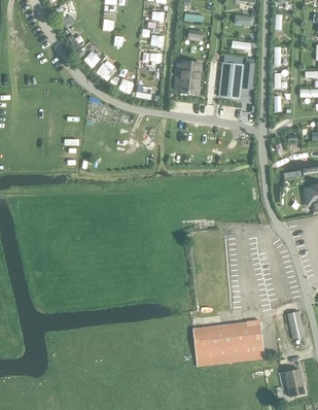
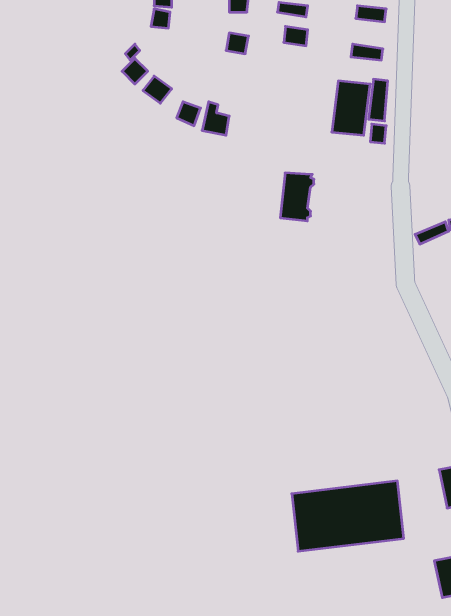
building: [179,63,201,94] -> [280,173,314,221]

